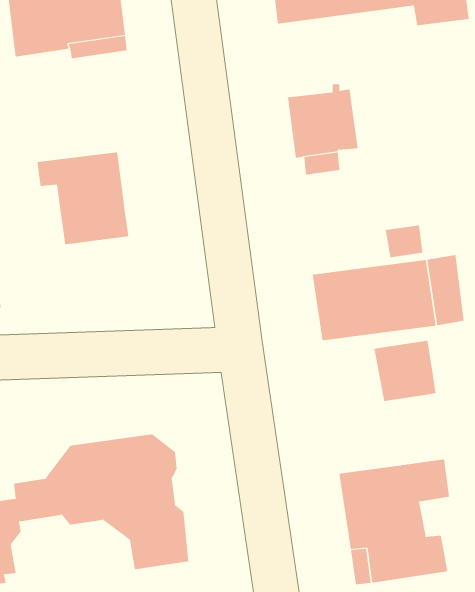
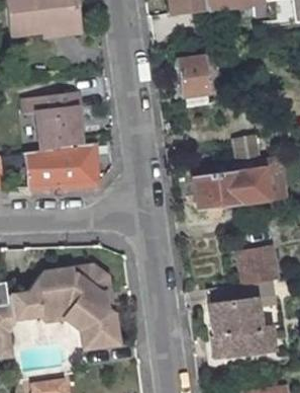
building: none -> [26,143,98,188]
building: [373,340,437,401] -> [239,247,278,285]

